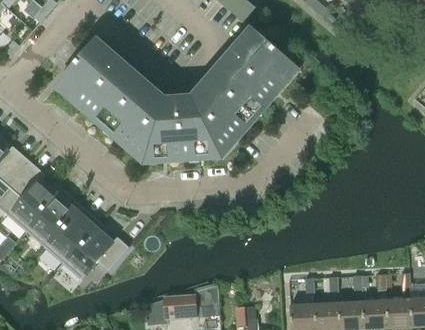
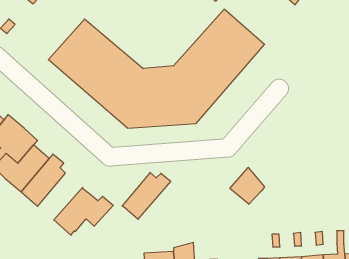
building: none -> [230,167,264,204]
building: [44,210,98,262] -> [122,172,171,219]

